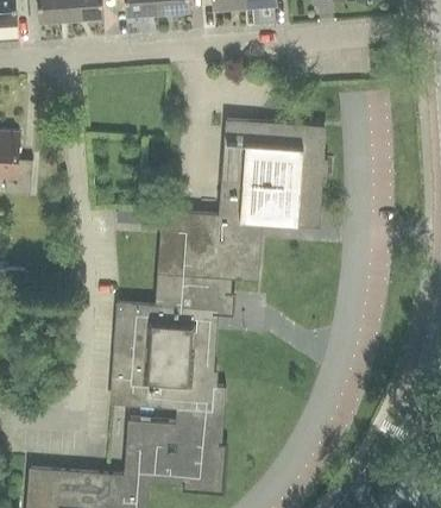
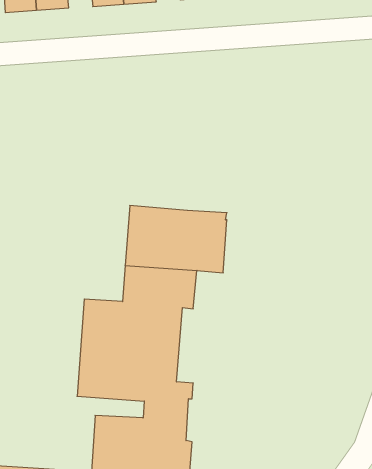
building: [220,120,322,225] -> none

